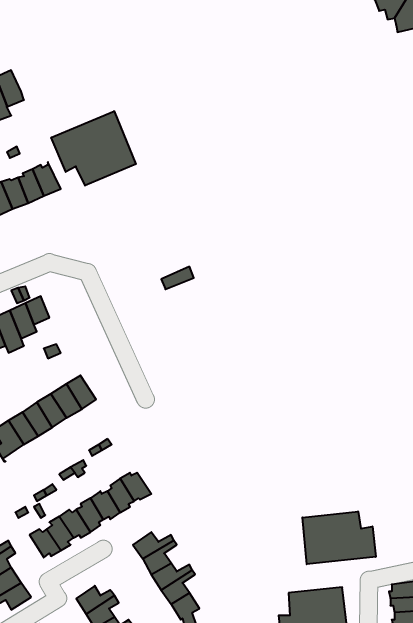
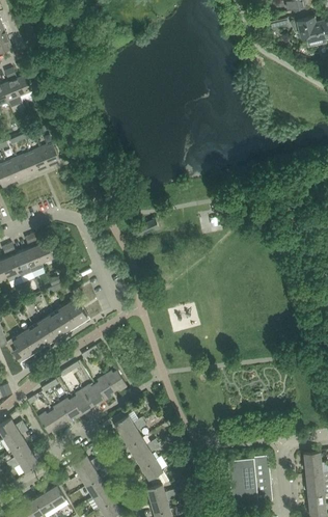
building: [51,111,136,186] -> none
building: [302,511,376,564] -> none

